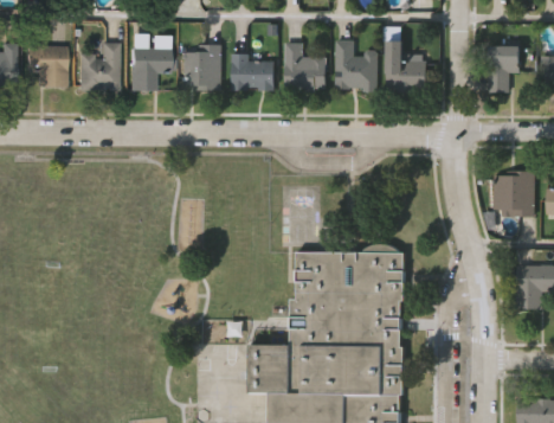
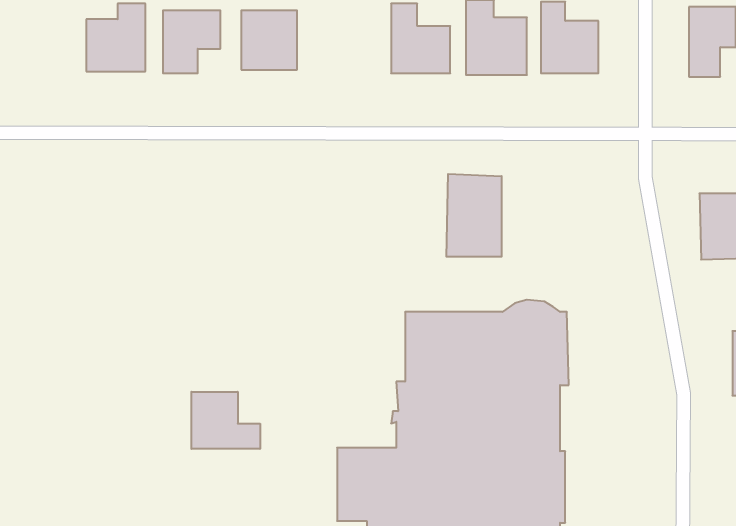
building: [27,45,65,86] -> none
building: [232,55,273,89] -> none
building: none -> [446,174,502,257]
building: none -> [191,392,260,449]

